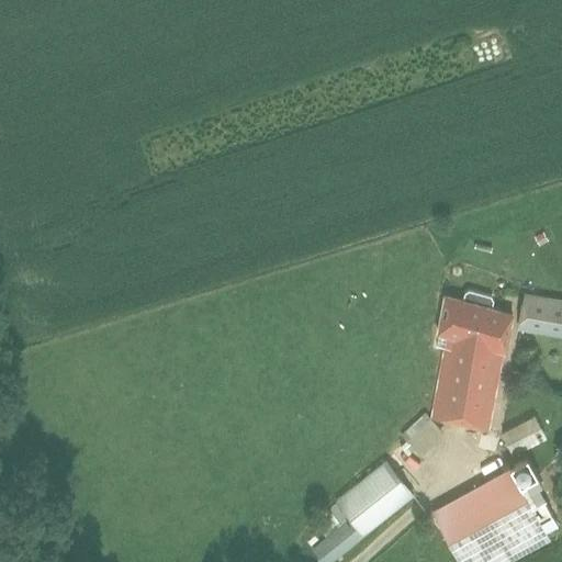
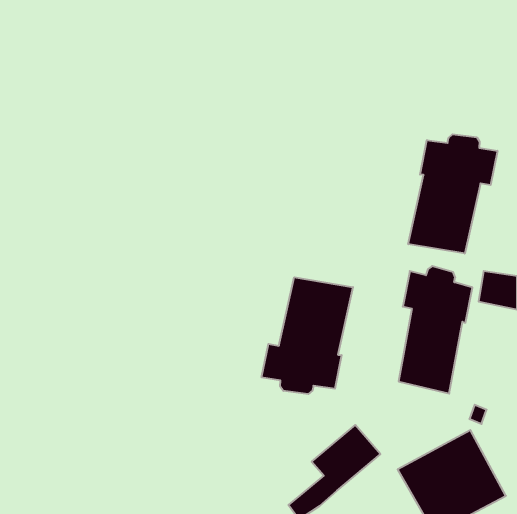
building: none -> [408,134,497,254]
building: none -> [262,277,353,394]

